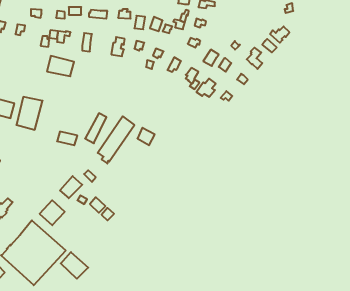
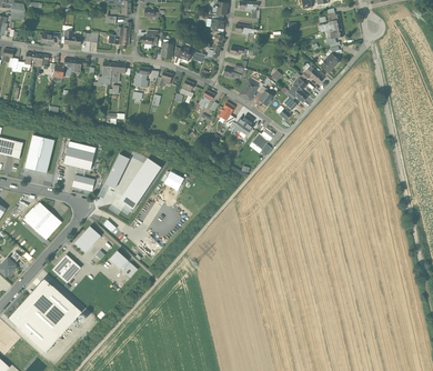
building: [47,56,74,76] -> [62,147,93,170]
building: none -> [23,203,60,239]
building: [61,252,88,279] -> none

